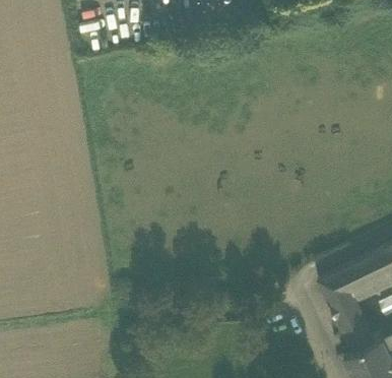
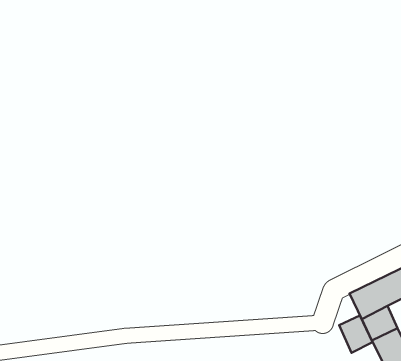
building: none -> [339,315,373,353]

